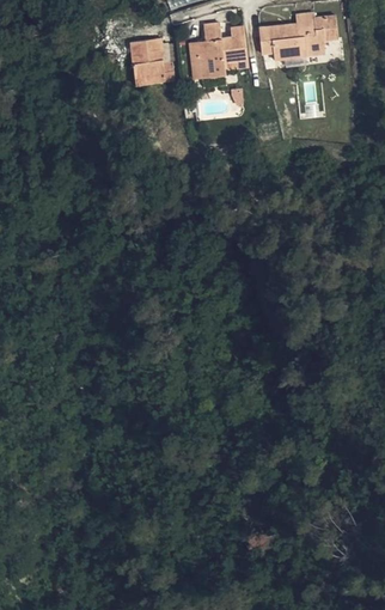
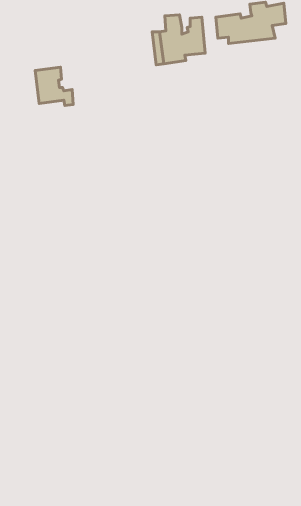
building: [129,41,172,84] -> [35,67,73,106]

